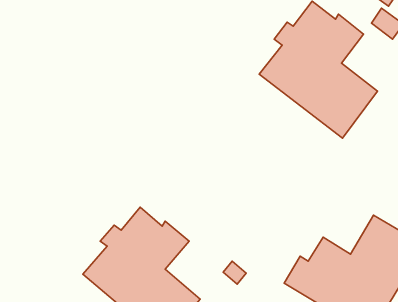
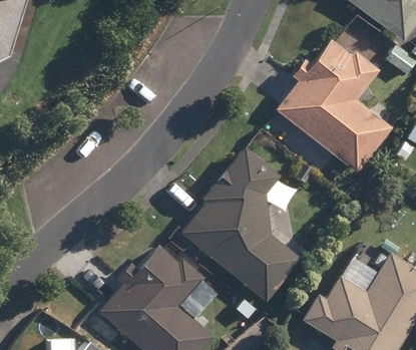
building: none -> [180,147,301,299]

